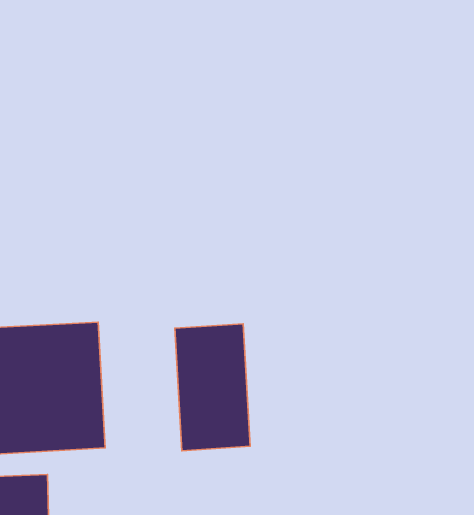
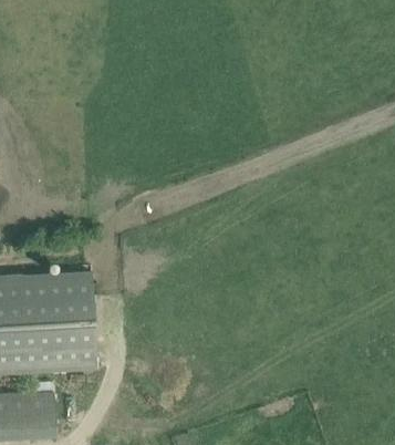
building: [175,324,250,451] -> none

